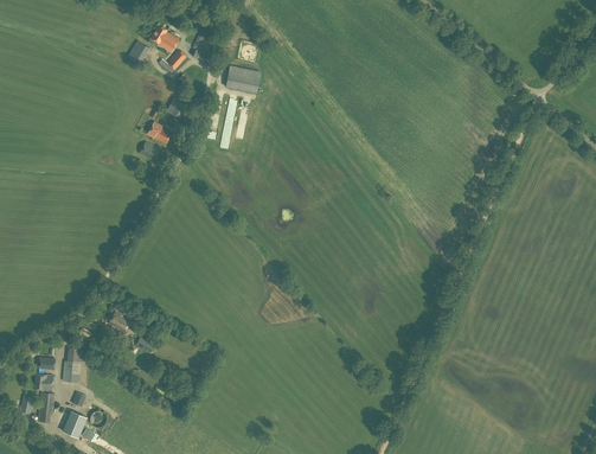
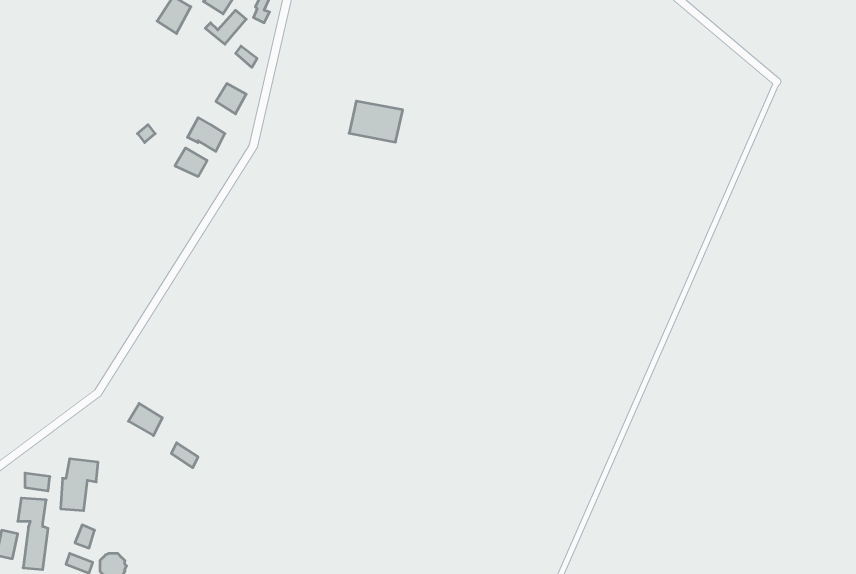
building: [225,65,261,92] -> [349,101,403,142]

